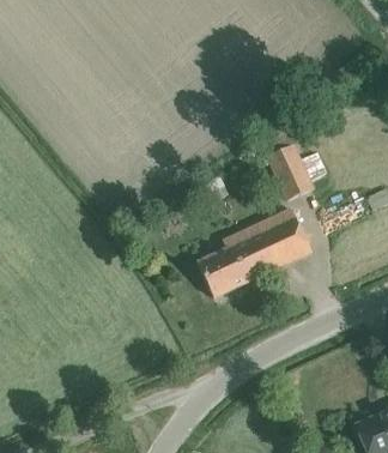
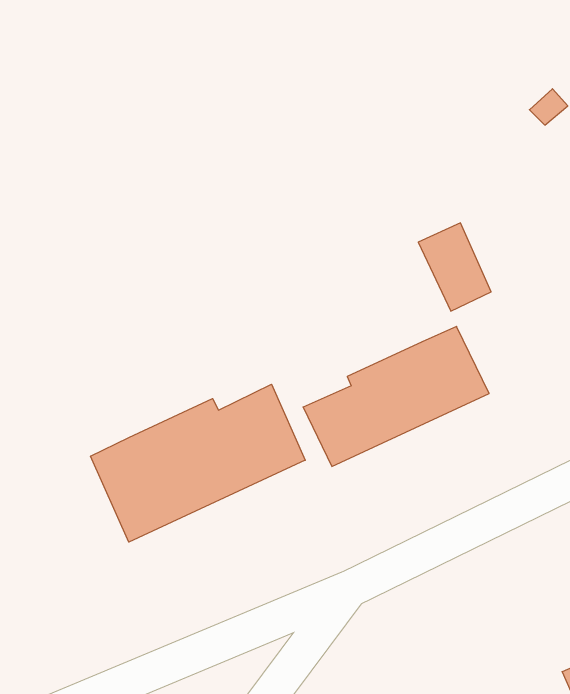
building: none -> [91,384,305,542]

